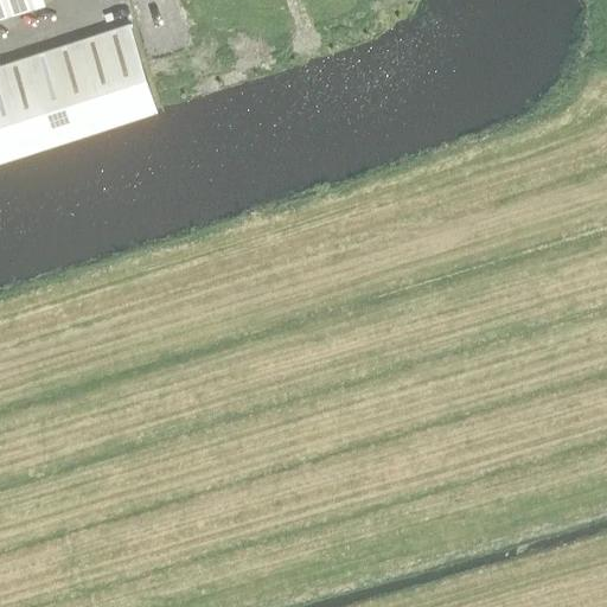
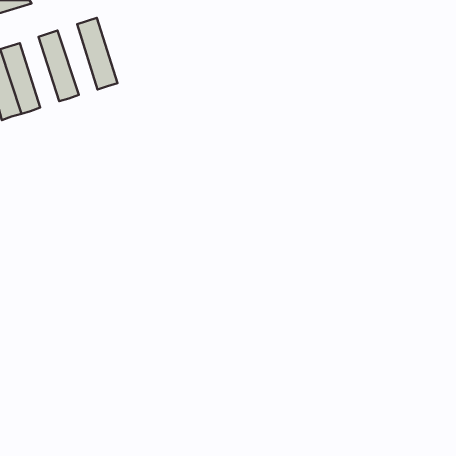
building: [76,34,129,128] -> none
building: [26,51,78,145] -> none

